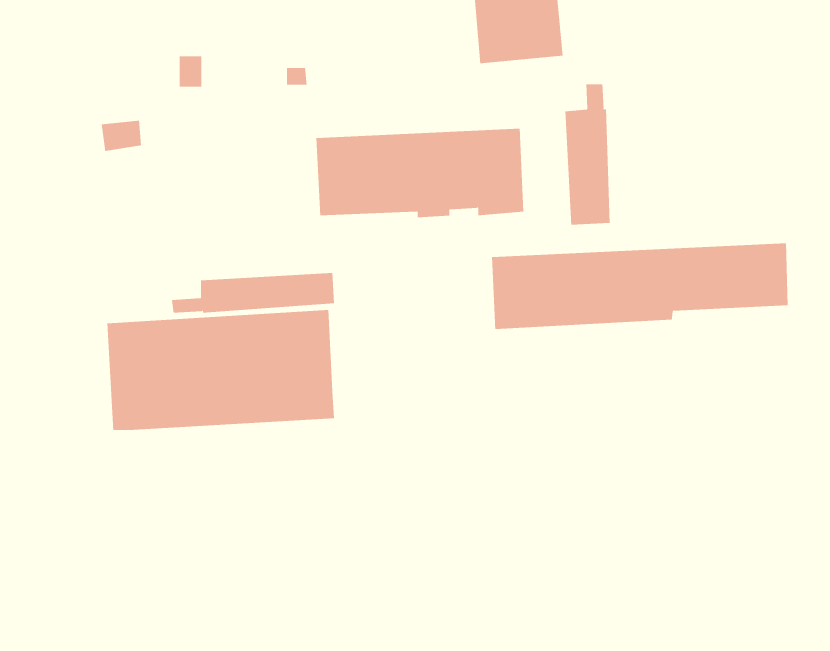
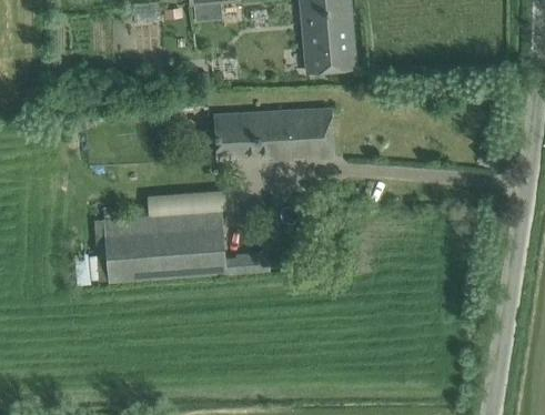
building: [565,83,610,225] -> none
building: [491,242,788,330] -> none

